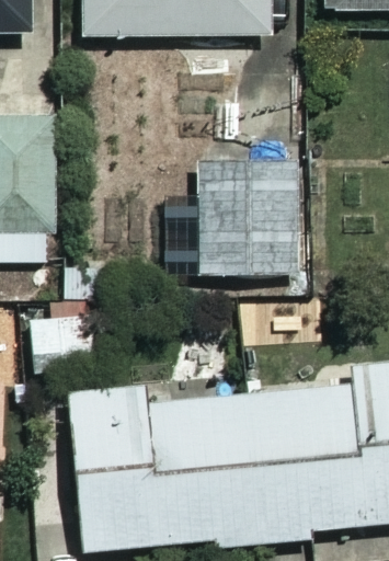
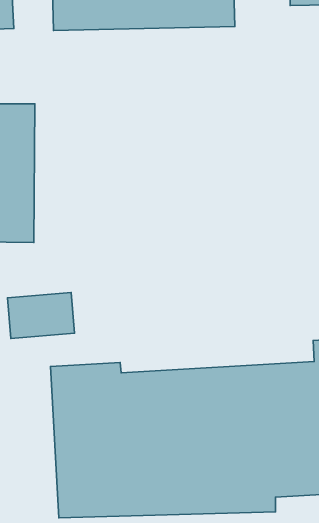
building: [161,156,297,275] -> none

